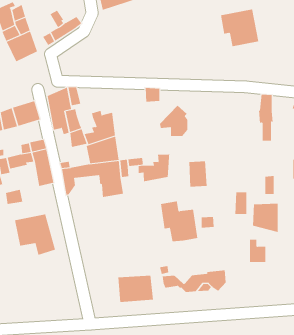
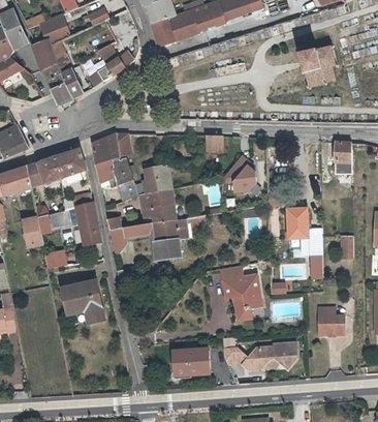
building: [138,152,170,182] -> none
building: [189,161,208,187] -> [287,207,309,237]
building: [253,203,278,233] -> none

